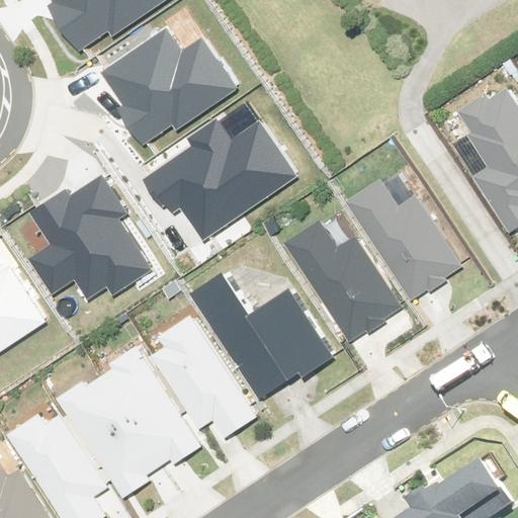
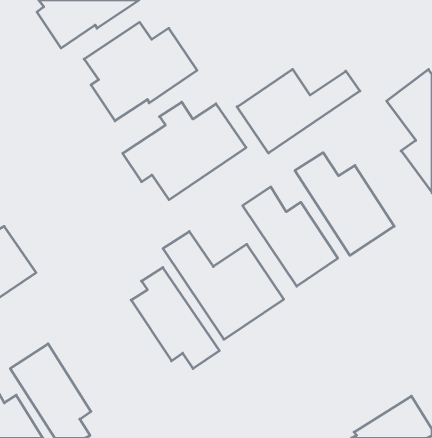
building: none -> [237,69,360,153]
building: [27,177,148,305] -> none
building: [64,351,201,494] -> none

